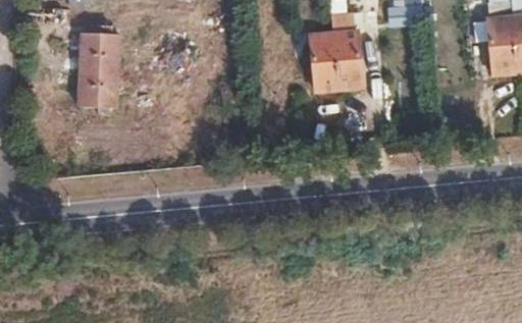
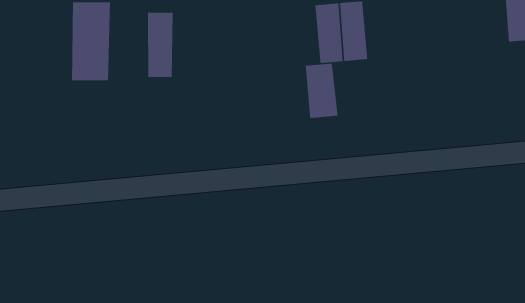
building: none -> [147,12,173,78]
building: none -> [305,63,338,119]

